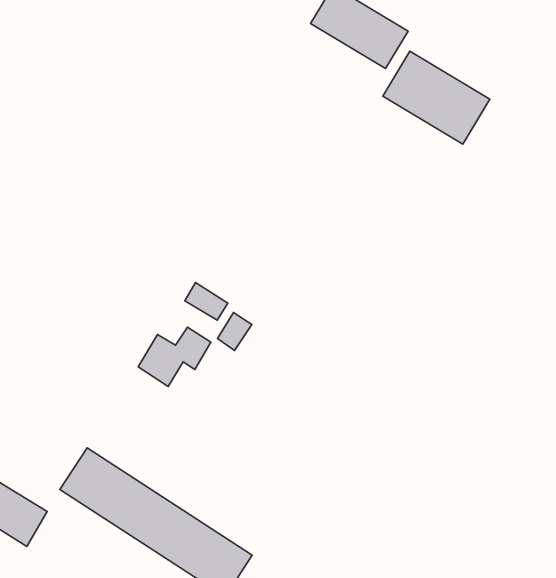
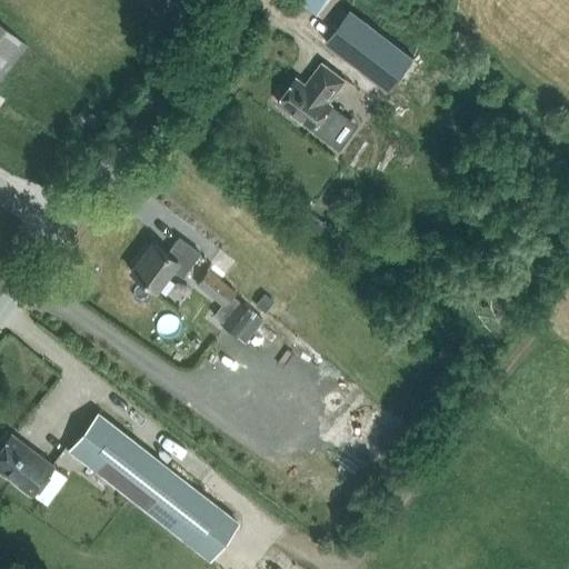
building: none -> [277,63,346,139]
building: [383,51,490,144] -> none
building: [138,327,211,386] -> [130,240,198,292]

